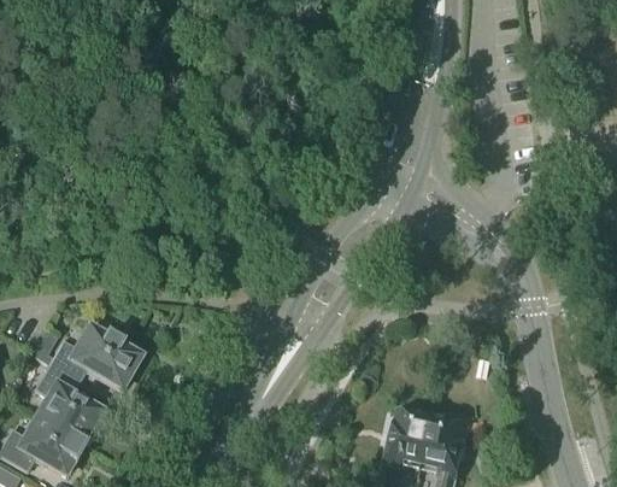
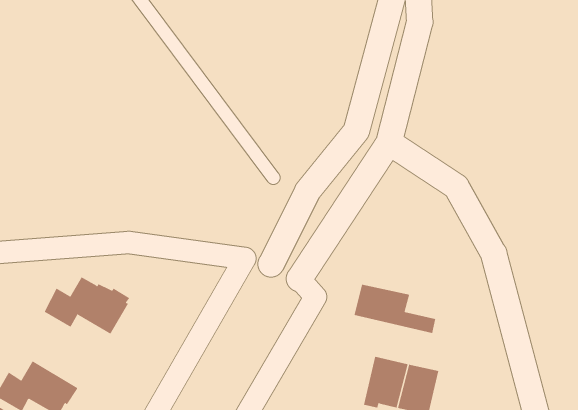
building: none -> [354,284,436,334]
building: [34,365,105,448] -> none

